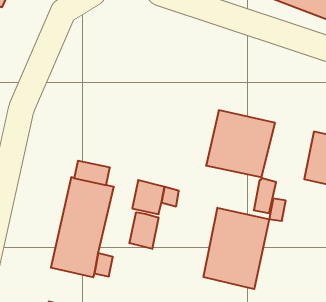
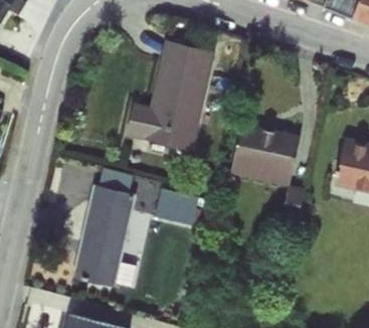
building: none -> [123,30,213,150]
building: [204,208,269,289] -> none
building: [129,212,158,249] -> none

